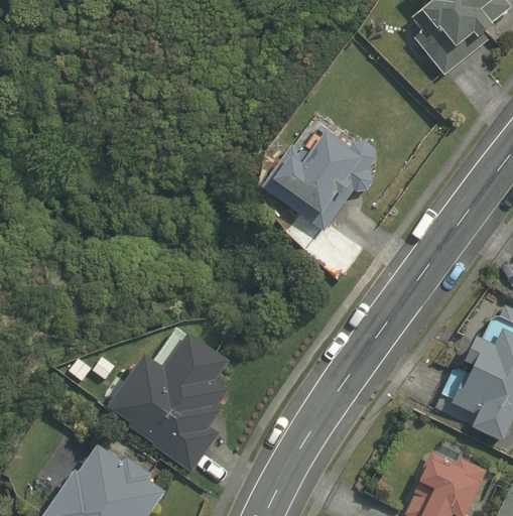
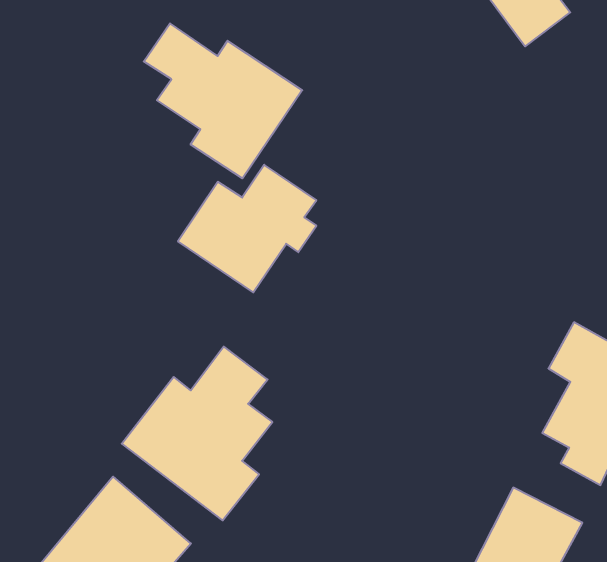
building: none -> [144,23,302,178]
building: [262,126,377,232] -> [178,165,316,292]

